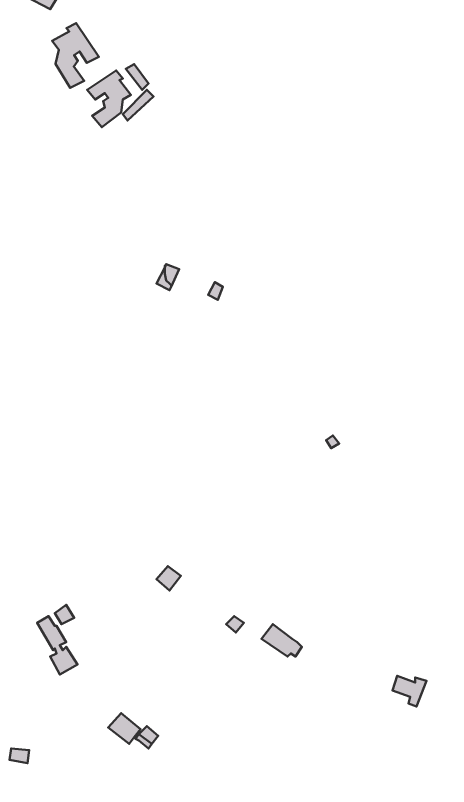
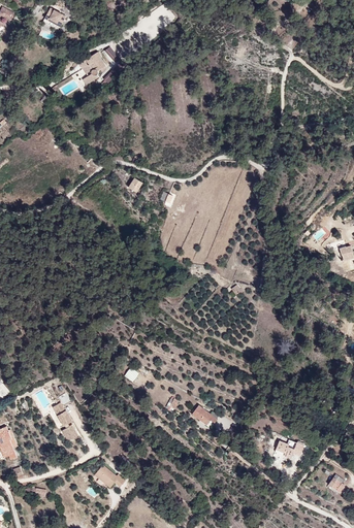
building: [52,23,99,88] -> none

